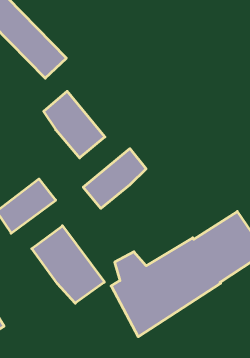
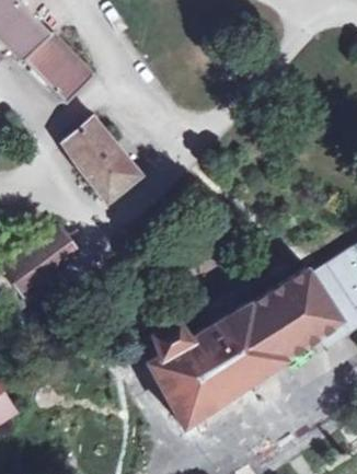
building: [83,149,146,208] -> none
building: [32,226,104,303] -> none

